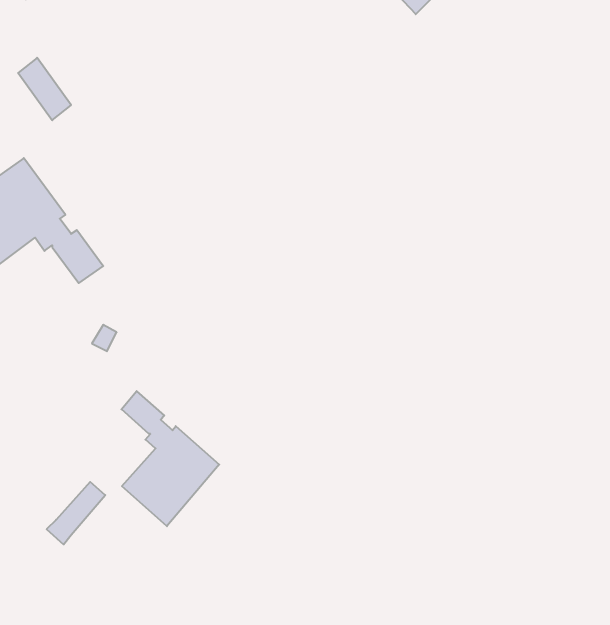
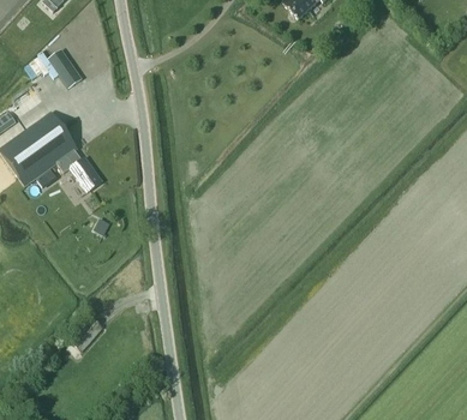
building: [121,391,219,526] -> none

